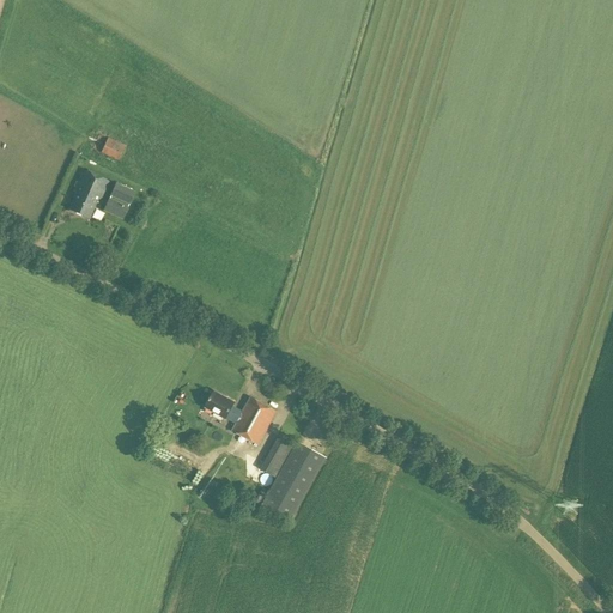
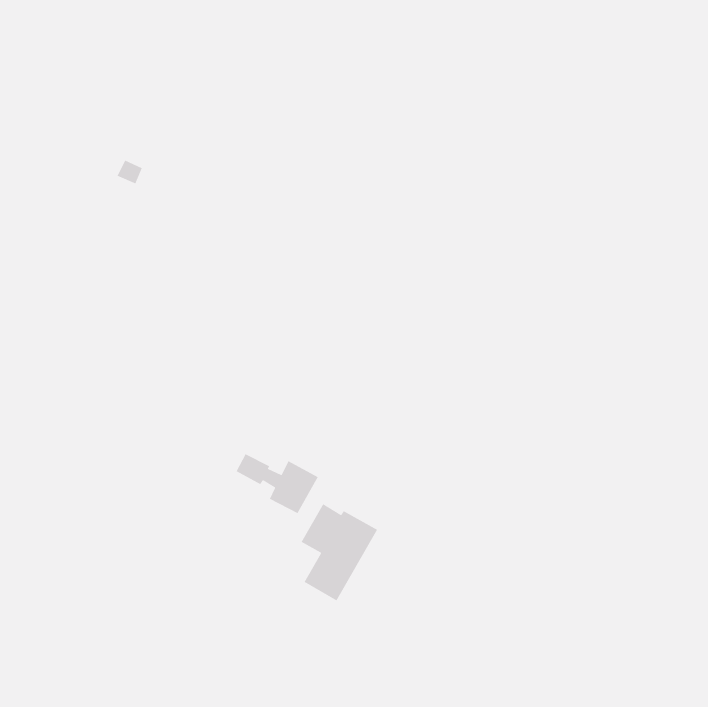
building: [67,170,107,218] -> none
building: [103,183,135,219] -> none

